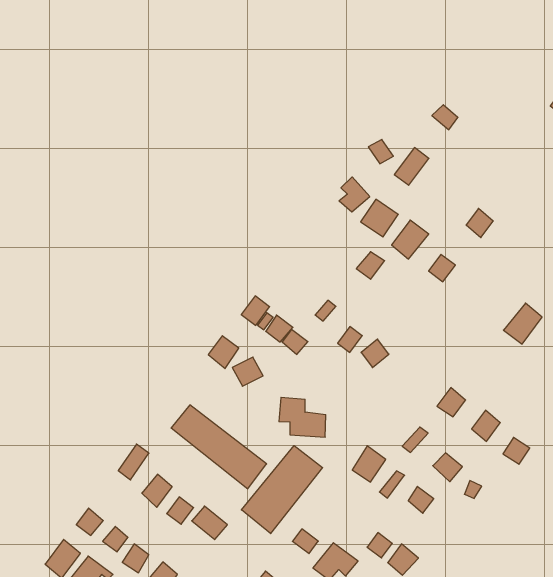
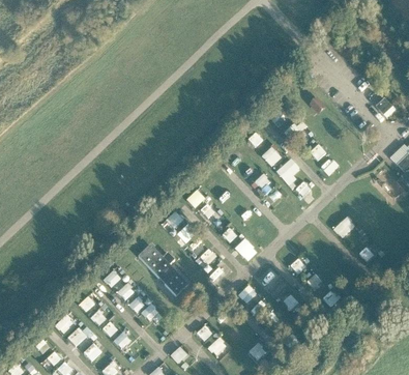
building: [241,446,323,534] -> none

